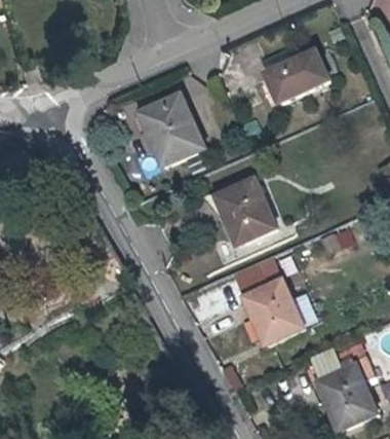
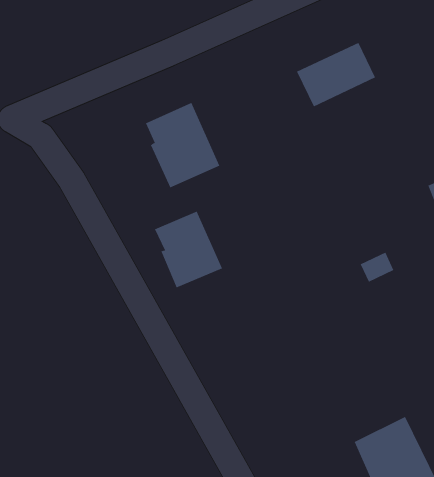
building: [214,178,272,243] -> [154,211,223,288]
building: [243,269,300,341] -> none

